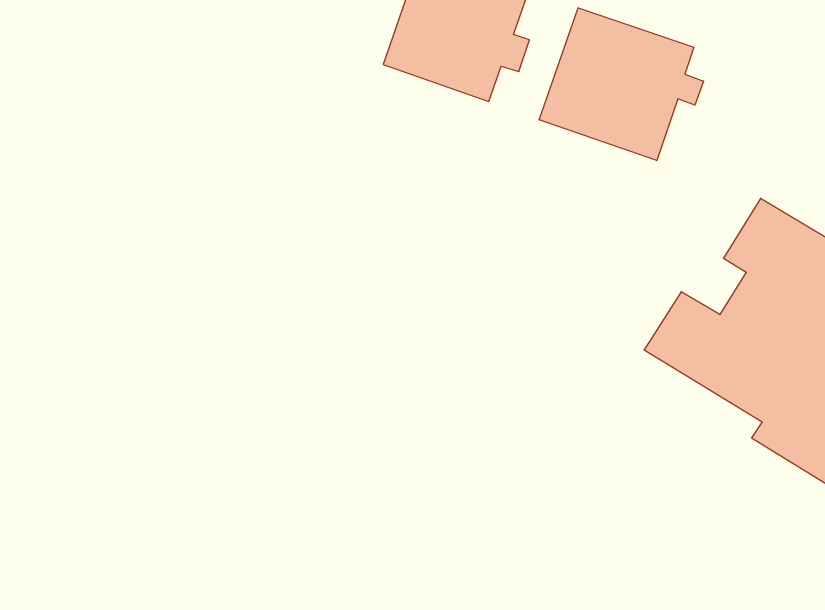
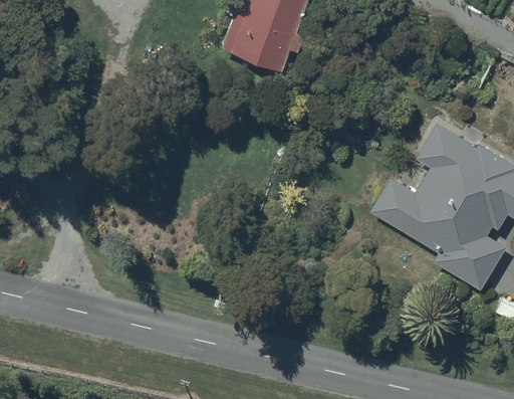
building: [539,8,704,161] -> none

